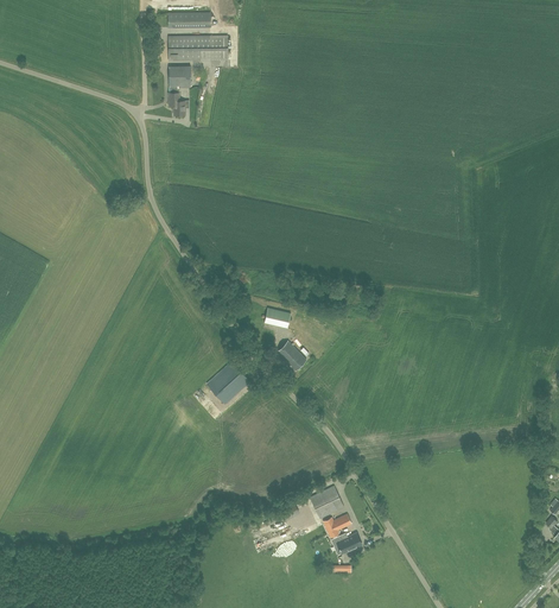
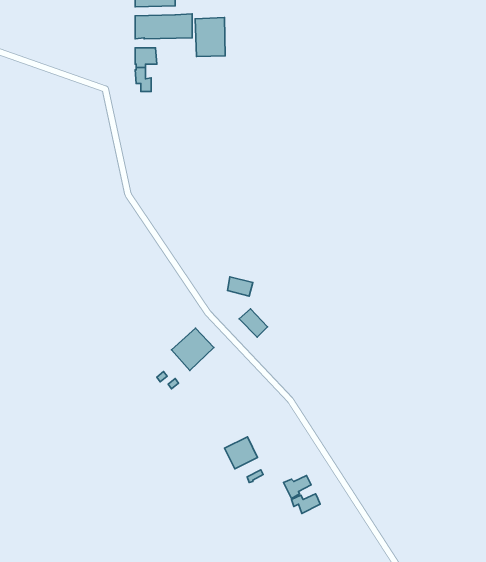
building: none -> [195,17,225,57]
building: [310,484,344,518] -> [225,437,258,469]

